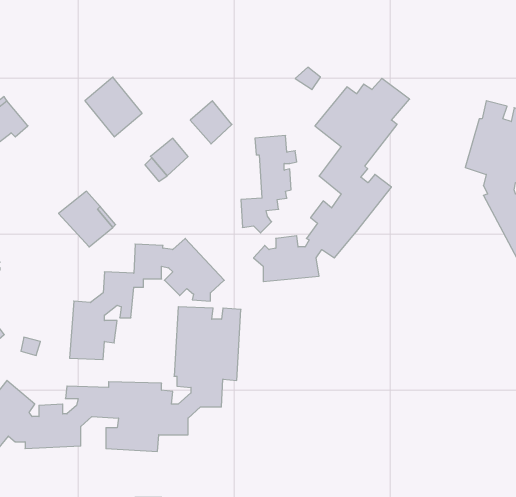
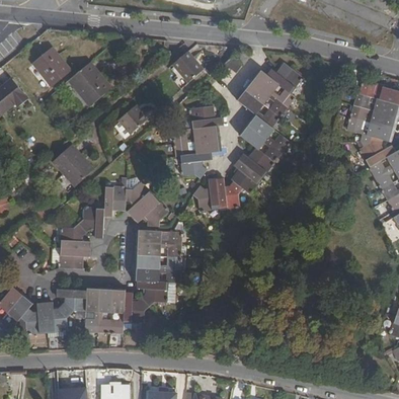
building: none -> [32,47,69,84]
building: [190,101,232,144] -> [171,51,202,82]

